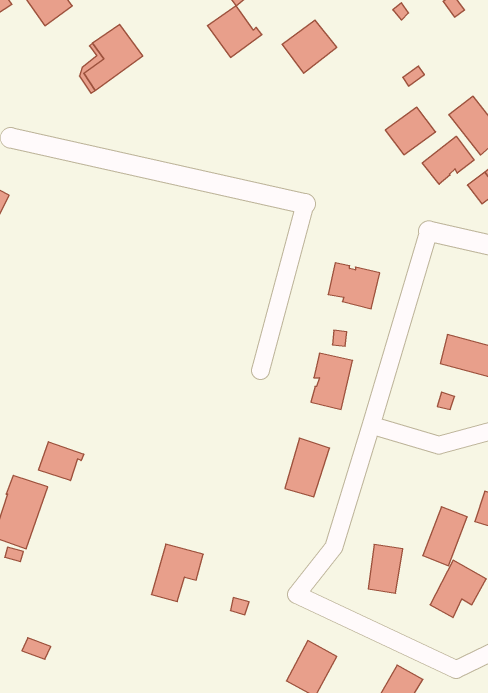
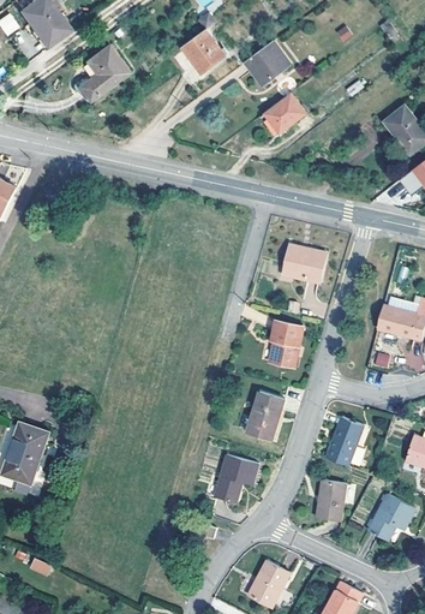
building: [385,107,436,155] -> [263,93,305,132]
building: [422,136,474,184] -> none
building: [39,442,84,481] -> none
building: [423,507,467,566] -> [325,416,363,465]
building: [151,544,203,602] -> [214,454,257,502]

